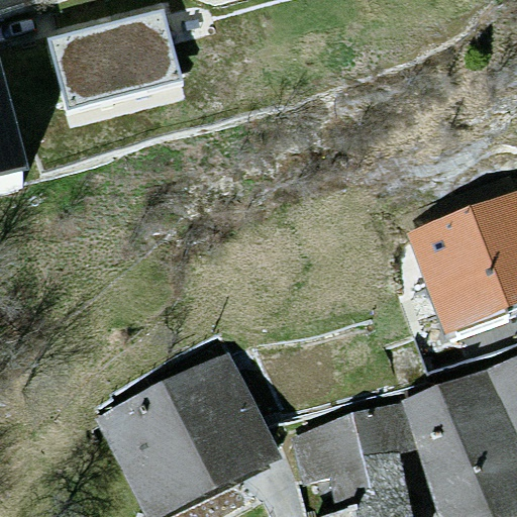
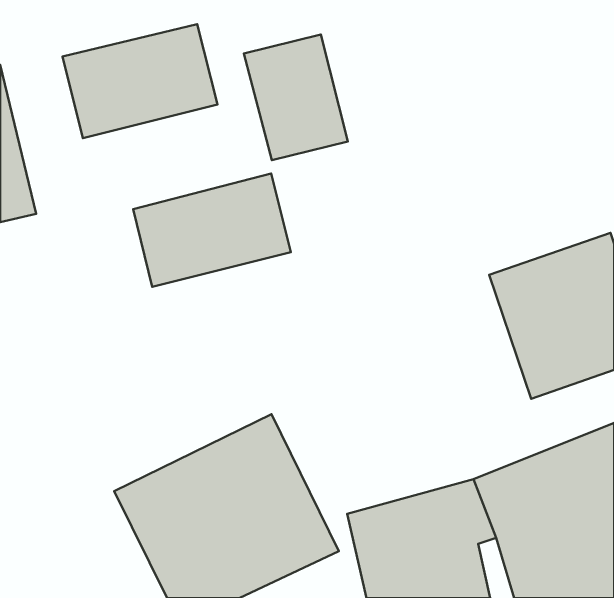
building: none -> [244,34,348,160]
building: none -> [133,173,291,287]

